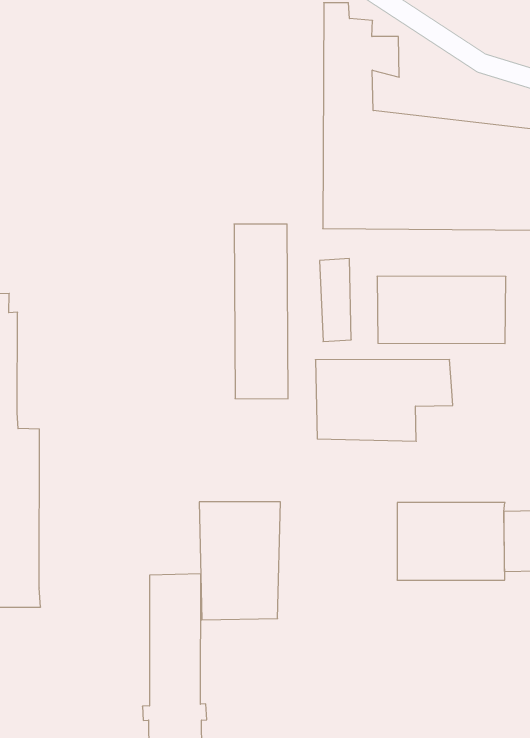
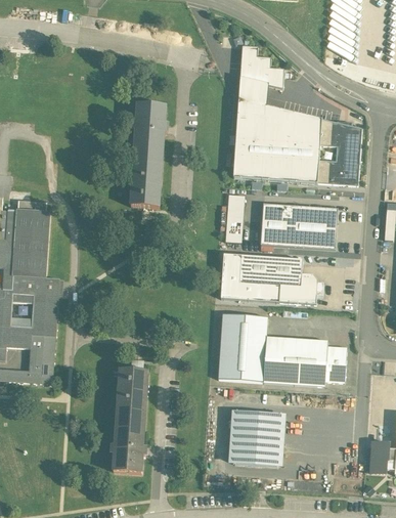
building: [234,224,288,399] -> [130,103,167,207]
building: none -> [278,271,316,304]
building: [199,502,280,620] -> [218,311,268,382]
building: none -> [233,411,279,466]

